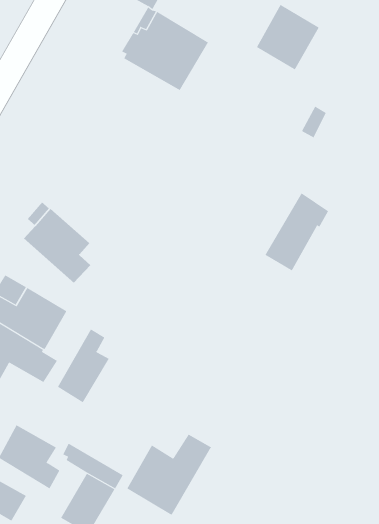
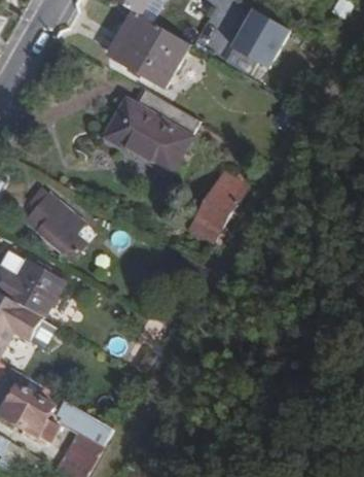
building: none -> [104,90,198,173]
building: [264,193,329,271] -> [189,172,247,242]
building: [57,328,109,403] -> none
building: [127,434,212,515] -> none

